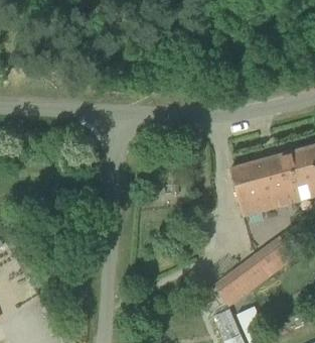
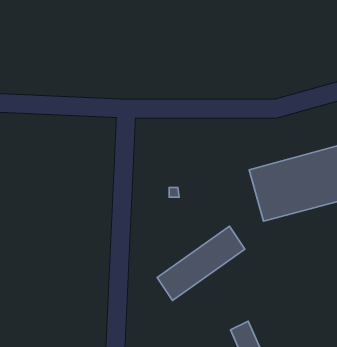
building: [214,237,295,306] -> [157,226,245,301]

